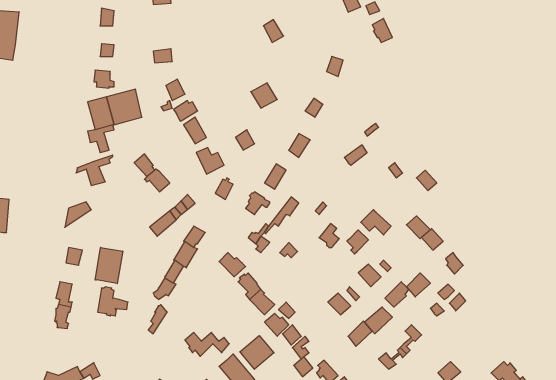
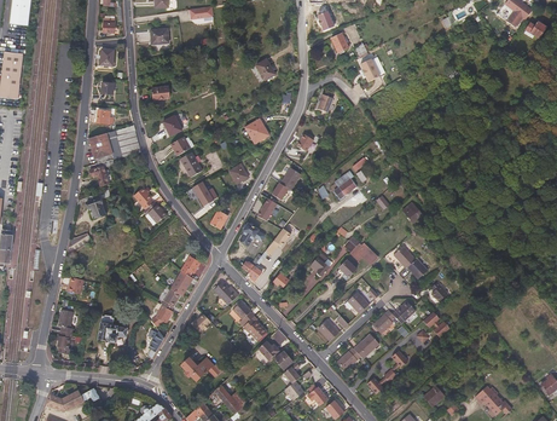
building: [95,247,123,284] -> none
building: [240,336,274,369] -> none

